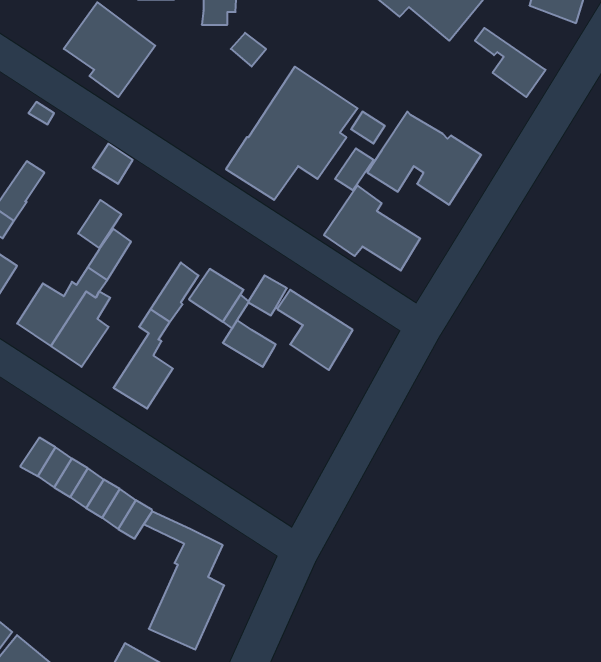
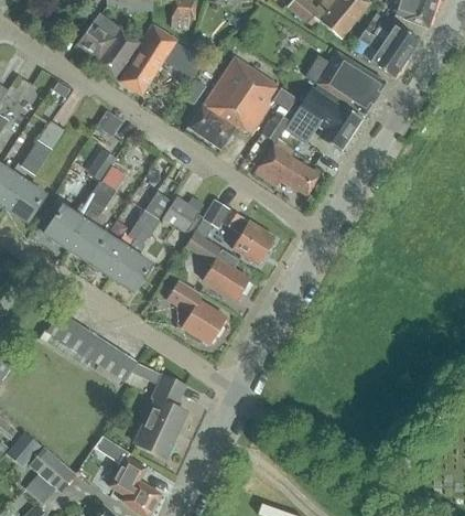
building: none -> [365,20,420,58]
building: none -> [119,24,204,95]
building: none -> [307,52,386,114]
building: none -> [88,233,134,277]
building: none -> [203,249,250,301]
building: none -> [166,280,226,344]

